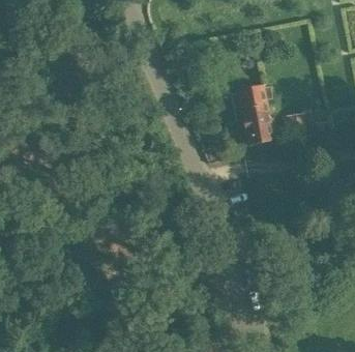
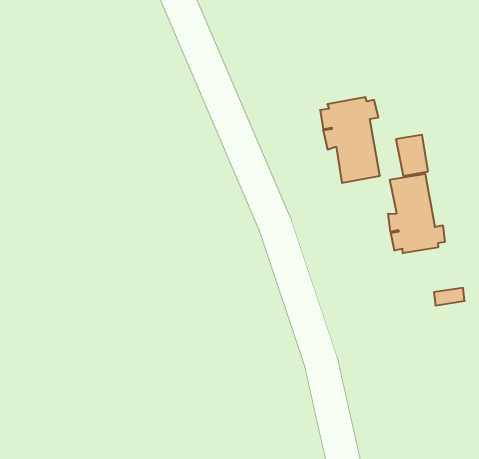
building: none -> [388,174,445,253]

